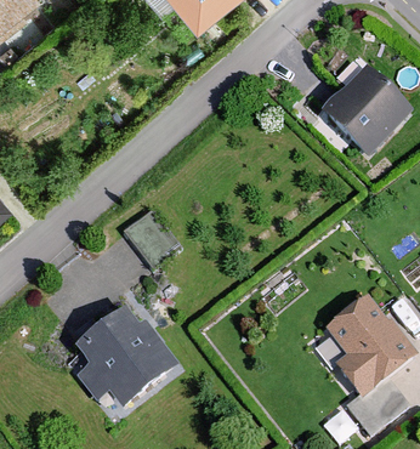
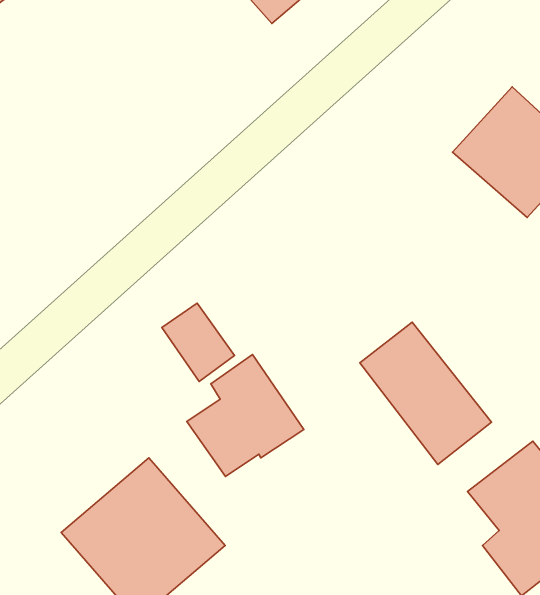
building: none -> [360,322,491,465]
building: none -> [187,355,304,476]

